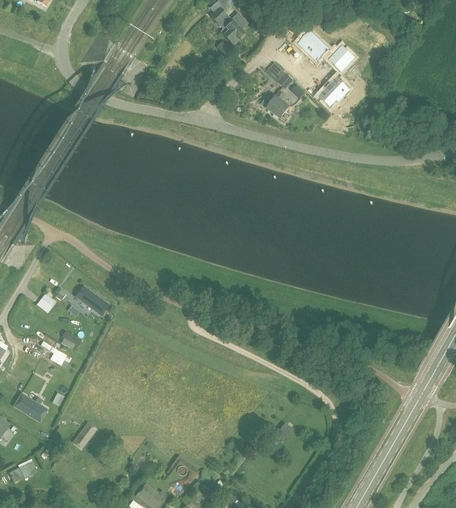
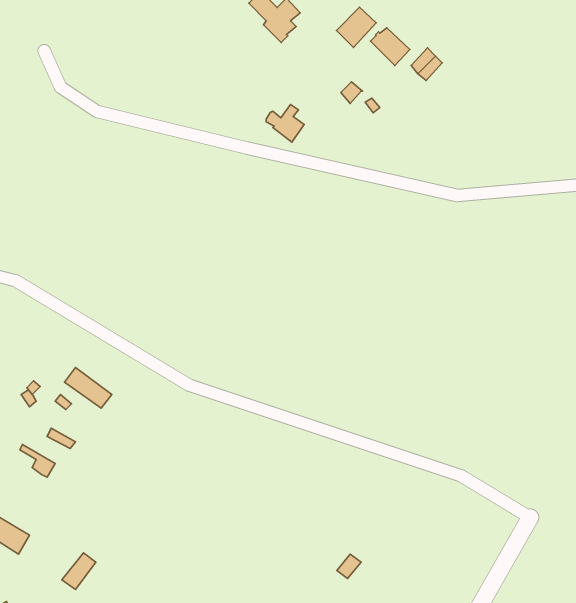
building: none -> [336,7,376,48]
building: [320,79,349,106] -> none
building: [262,92,290,120] -> [266,104,304,142]

